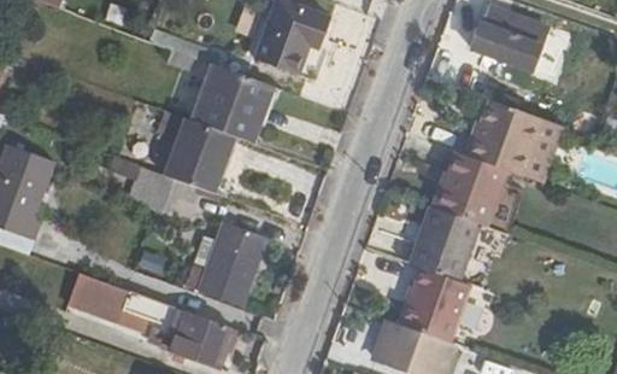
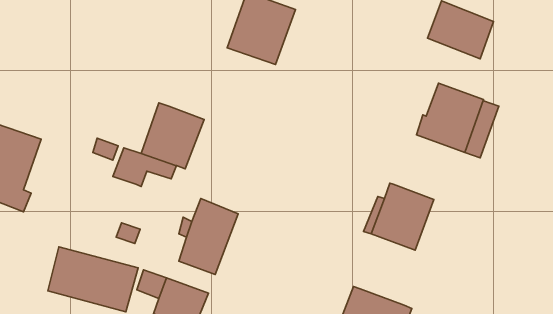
building: [193,65,271,145] -> none
building: [439,153,507,227] -> none
building: [402,267,472,341] -> none

